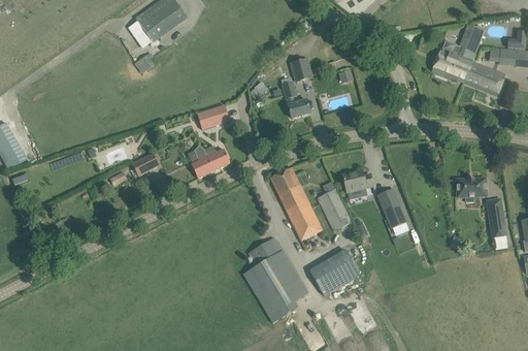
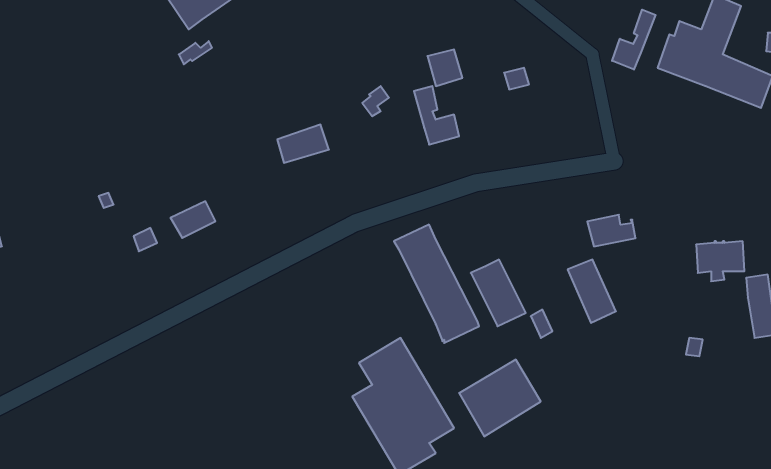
building: none -> [612,10,656,70]
building: [191,145,230,179] -> none
building: [342,171,372,191] -> [587,215,636,246]

